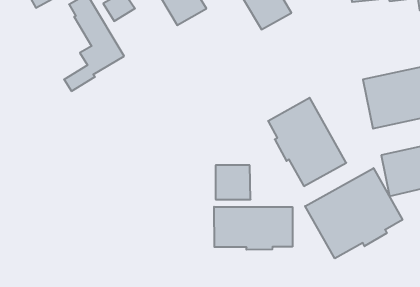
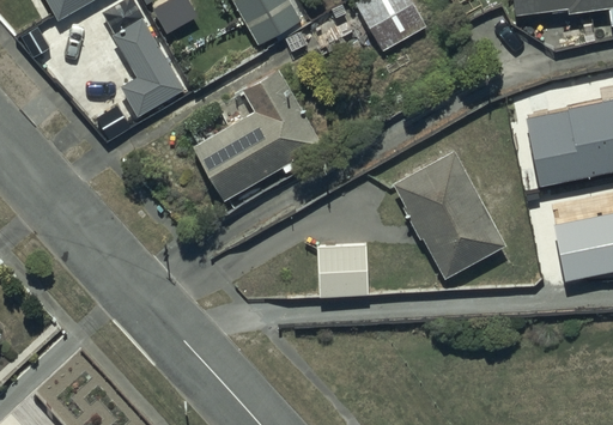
building: none -> [195,67,321,198]
building: [305,168,402,258] -> none
building: [214,207,292,250] -> none

